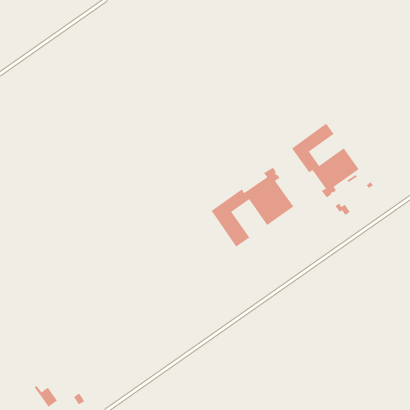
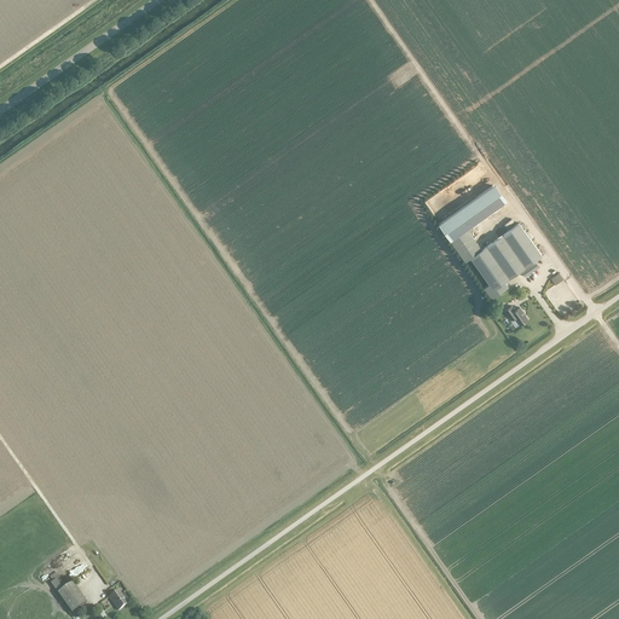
building: [211,167,294,248] -> none

